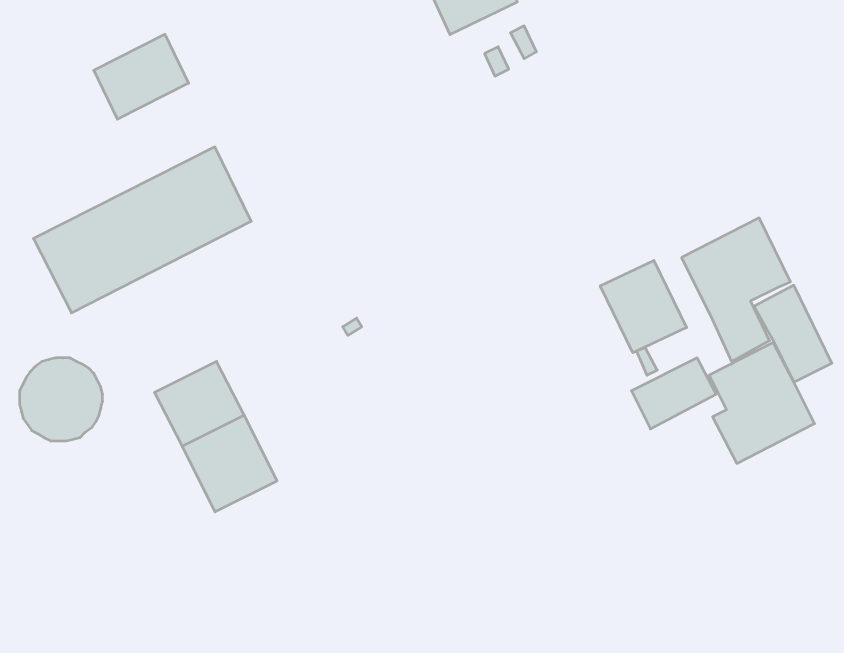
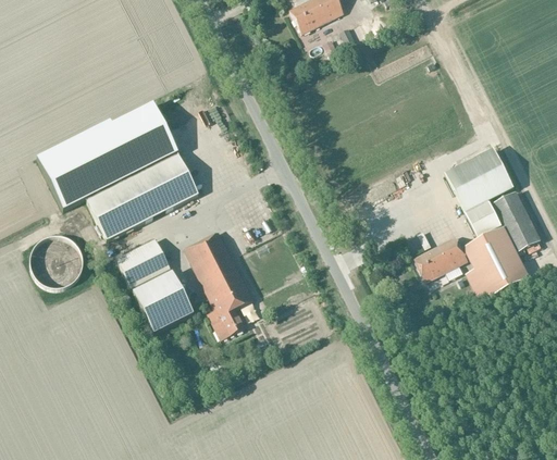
building: [94,34,189,119] -> none
building: none -> [86,153,197,238]
building: [600,260,687,353] -> none
building: none -> [183,231,252,339]

